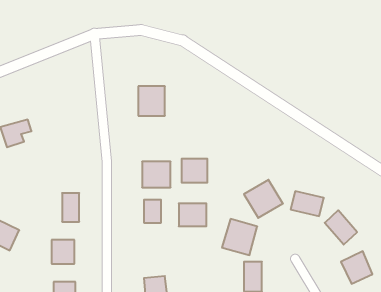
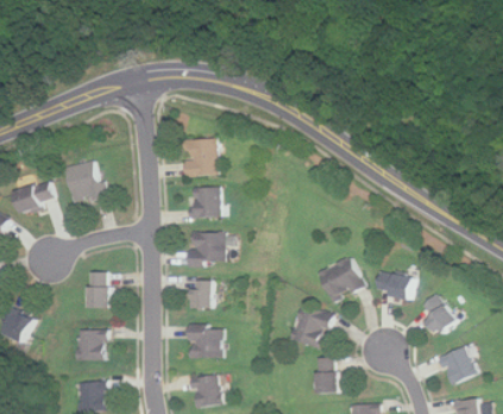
building: none -> [63,158,103,203]
building: [182,159,207,183] -> [188,186,220,215]
building: [179,203,206,226] -> [187,328,221,357]

